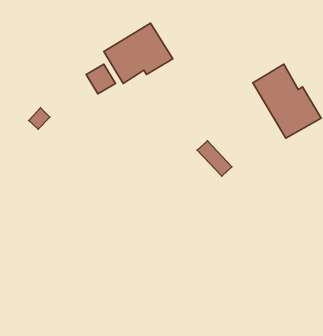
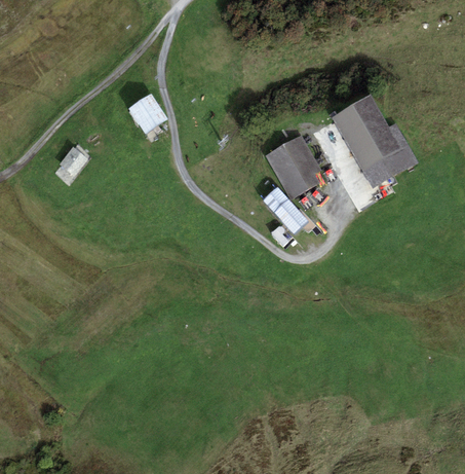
building: [104,23,173,84] -> none
building: none -> [266,135,320,198]

